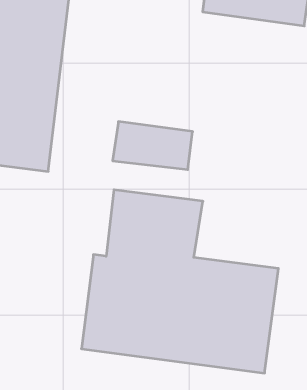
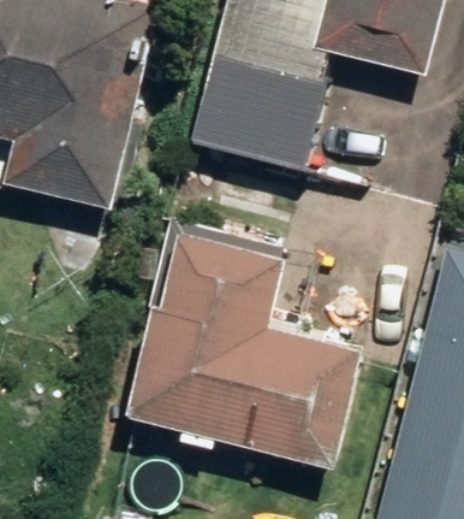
building: none -> [186,51,321,170]

